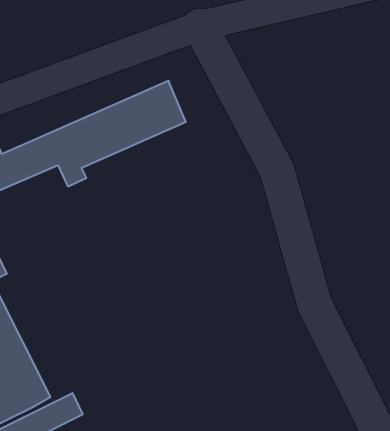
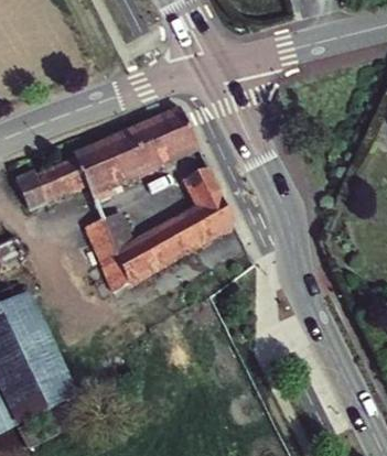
building: none -> [84,166,237,285]

